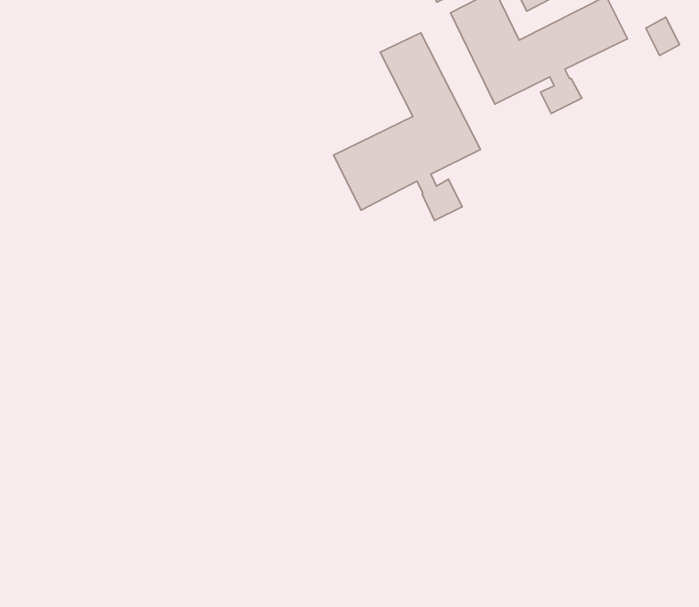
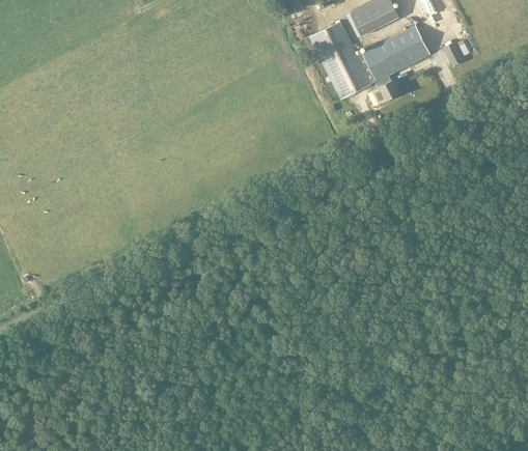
building: [334,33,480,220] -> none

